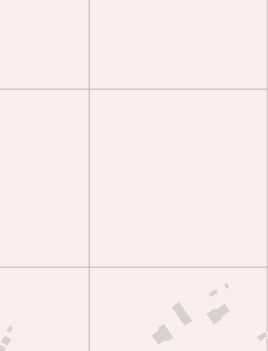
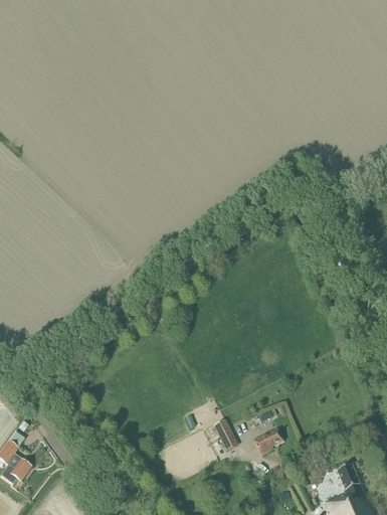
building: [150,323,174,346] -> none

